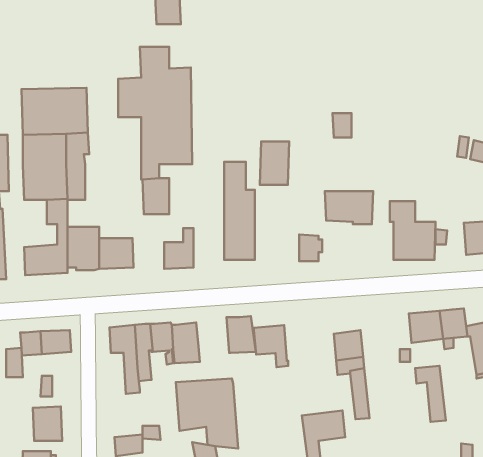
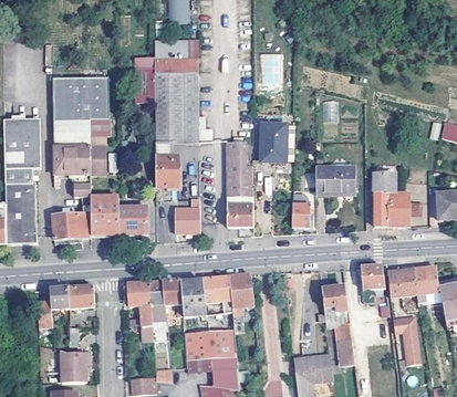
building: none -> [361,267,384,302]
building: [254,325,288,367] -> [202,275,232,312]

